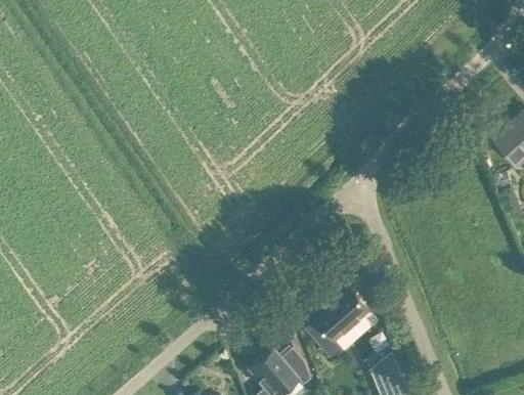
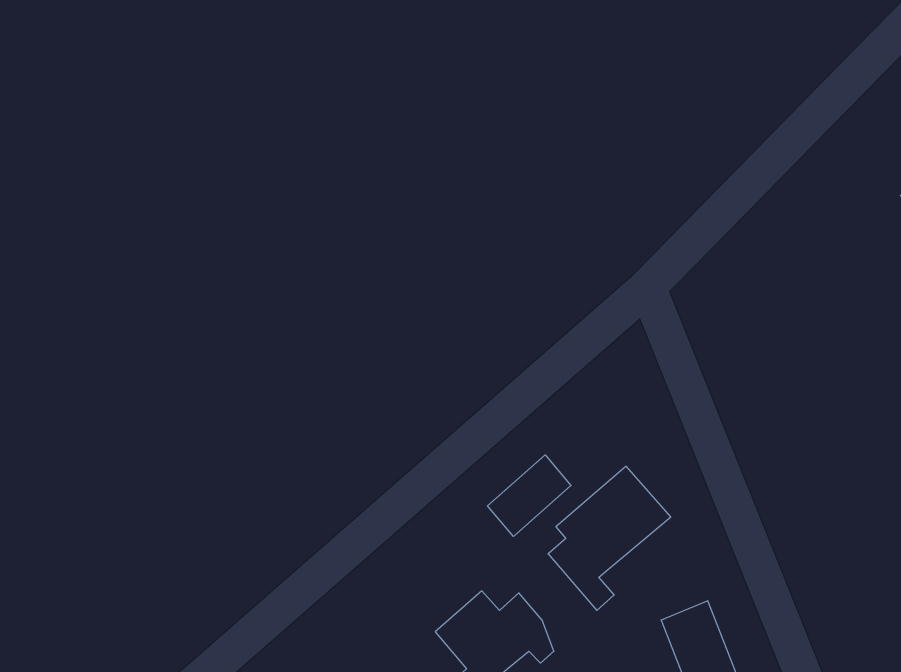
building: none -> [488,455,571,536]

